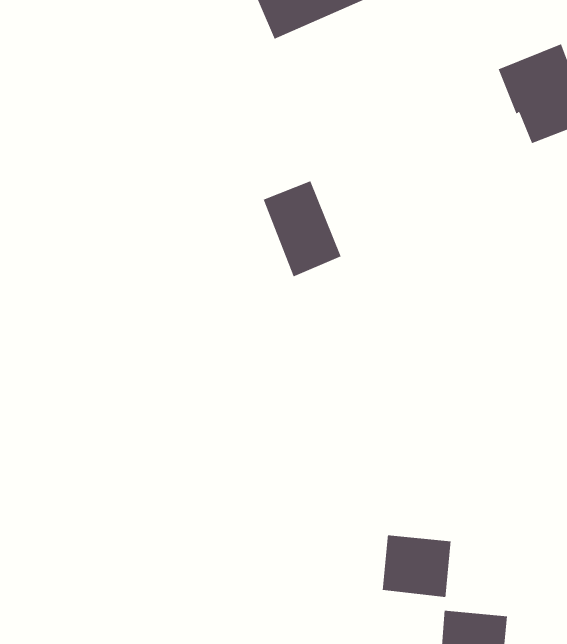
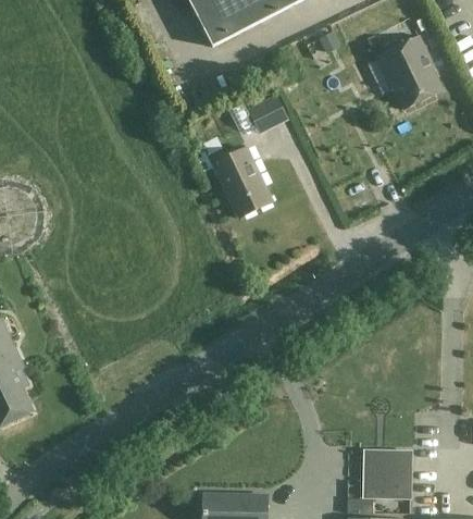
building: none -> [247,95,288,134]
building: [382,535,451,598] -> none

